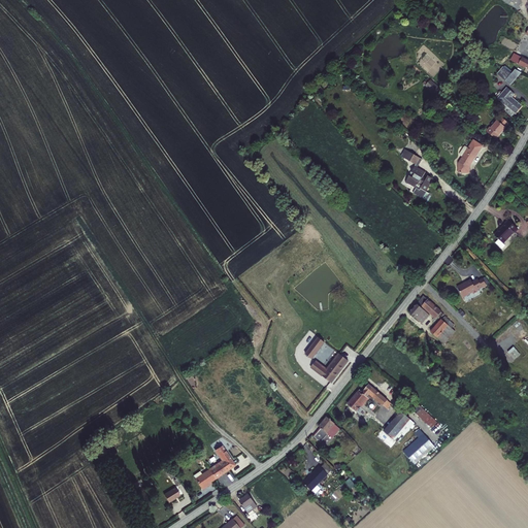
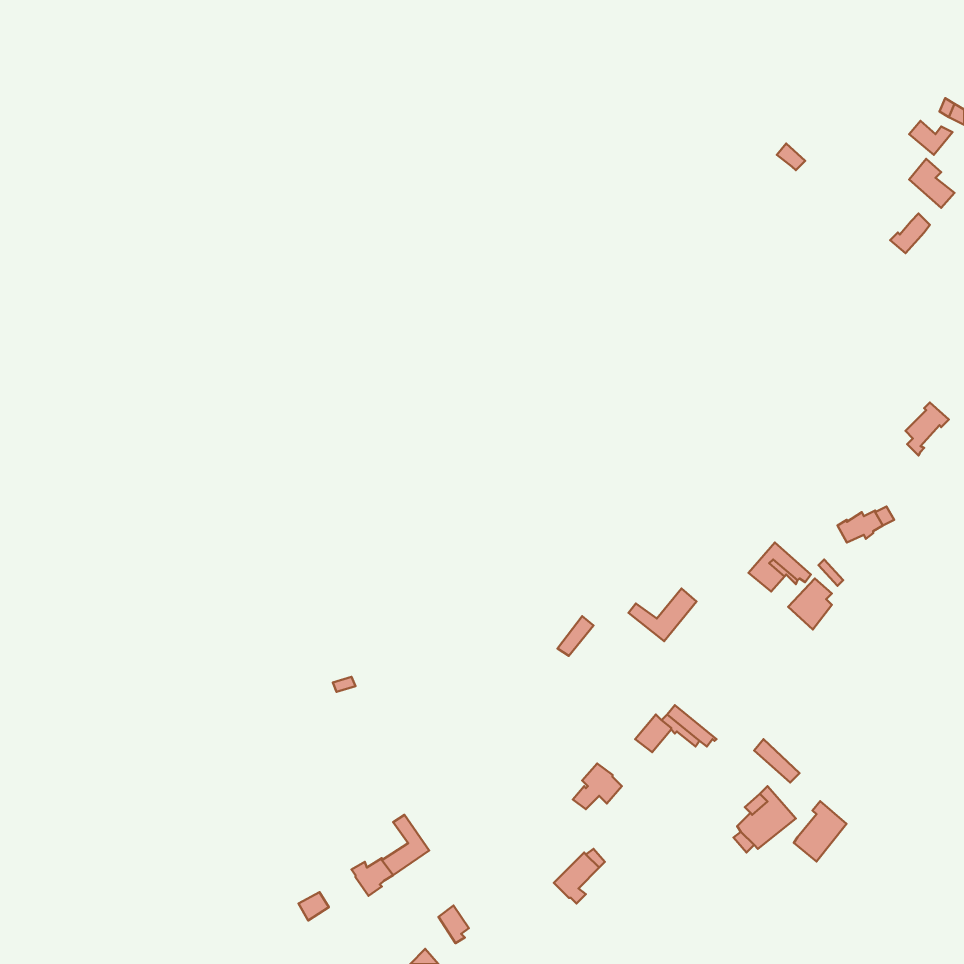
building: [458,140,481,172] -> none
building: [404,152,432,192] -> none
building: [310,353,348,382] -> [628,588,696,641]
building: [384,409,412,442] -> [794,801,847,862]

